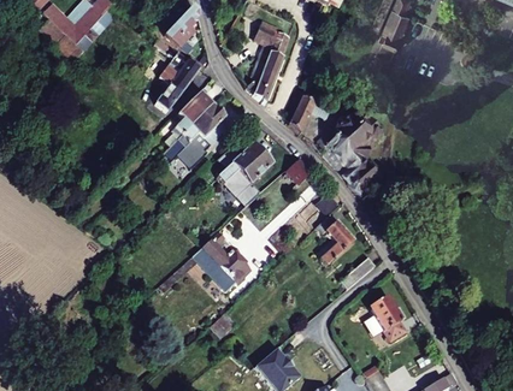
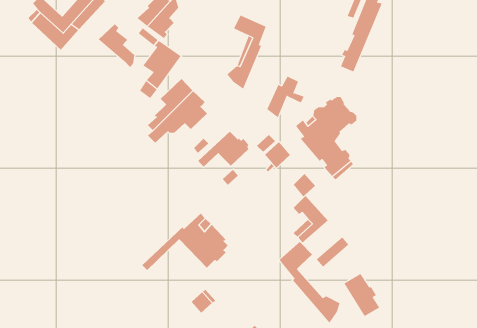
building: none -> [98,23,135,68]
building: none -> [279,241,340,323]

